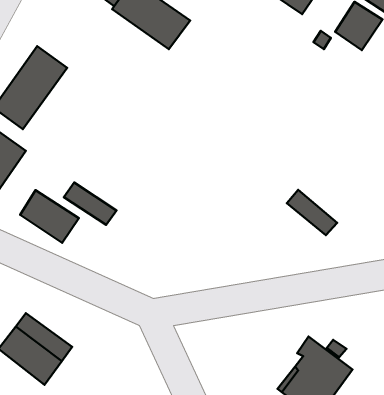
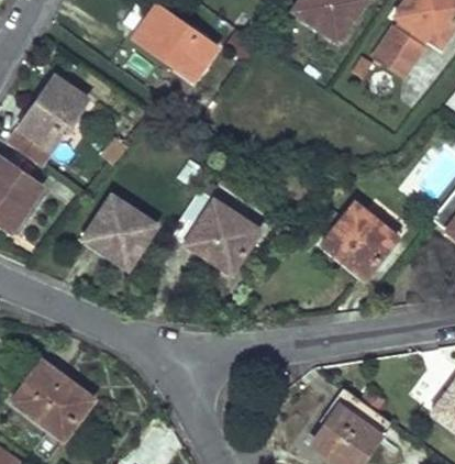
building: none -> [171,189,259,272]
building: none -> [334,202,397,264]
building: [20,190,79,243] -> [95,195,157,251]

